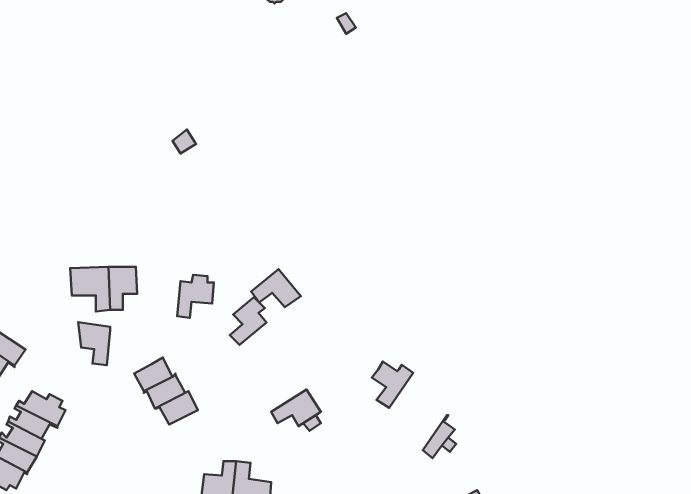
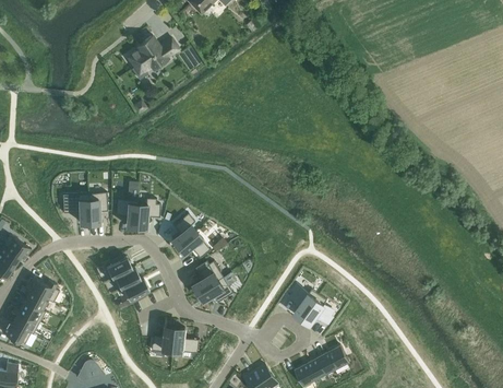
building: none -> [125,36,178,80]
building: [251,269,301,307] -> [177,231,211,257]
building: [78,322,110,365] -> [115,197,136,226]
building: [372,362,413,408] -> [290,286,319,318]
building: none -> [193,260,223,292]

